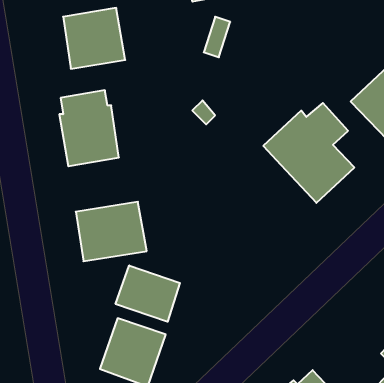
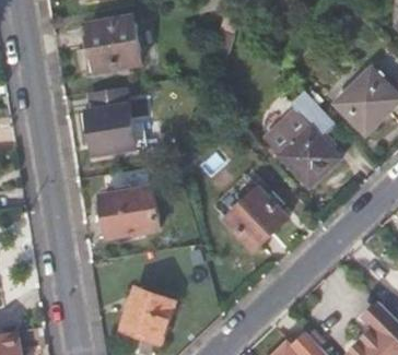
building: none -> [223,186,289,251]
building: [116,265,180,322] -> none

